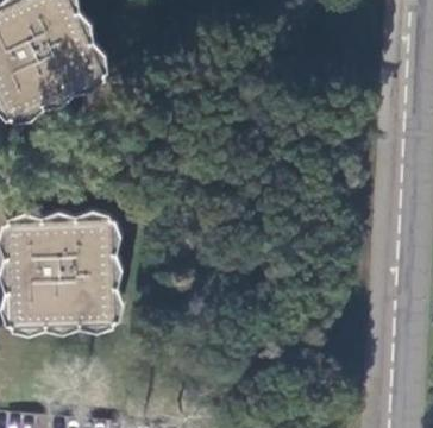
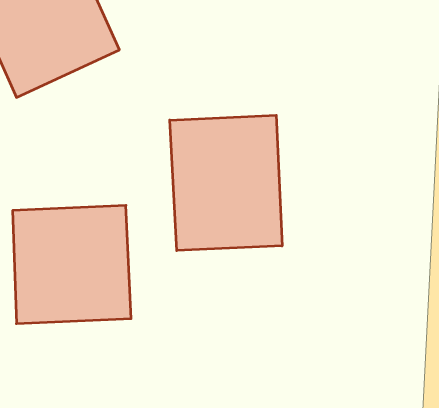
building: none -> [170,115,282,251]

